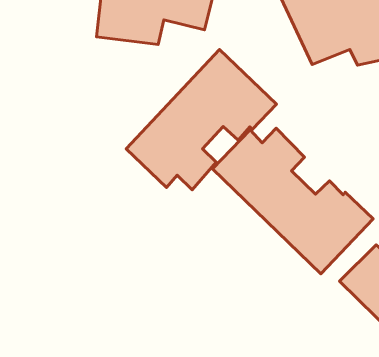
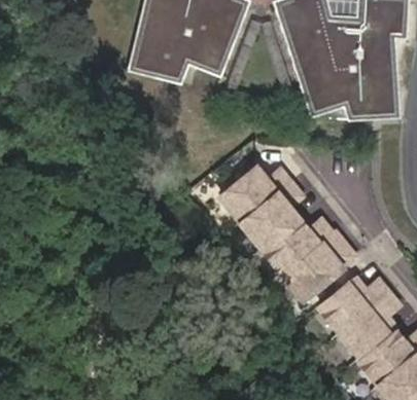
building: [126,50,276,190] -> none

